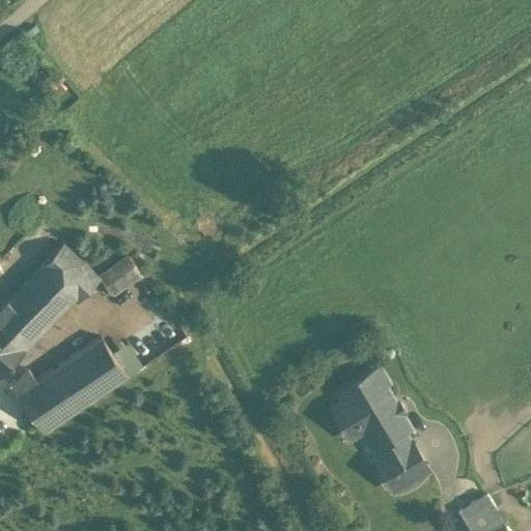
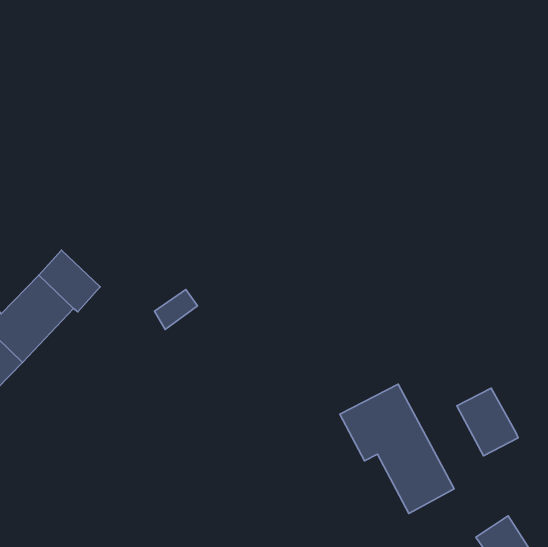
building: [96,259,138,298] -> [154,290,198,330]
building: [9,340,141,434] -> none
building: none -> [457,388,518,456]

